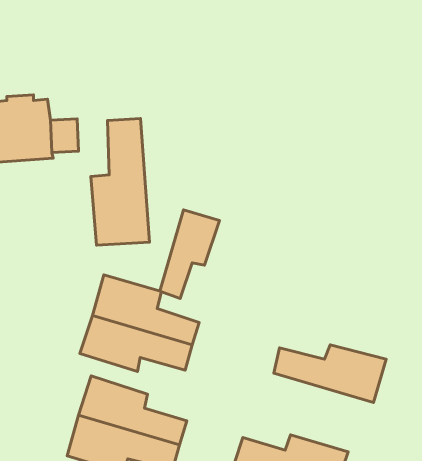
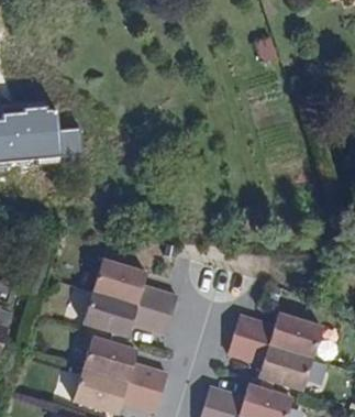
building: [91,118,149,245] -> none
building: [160,210,220,298] -> none
building: none -> [226,333,311,387]

